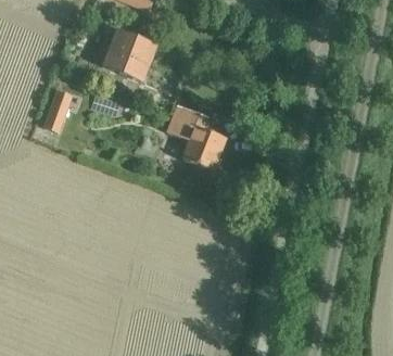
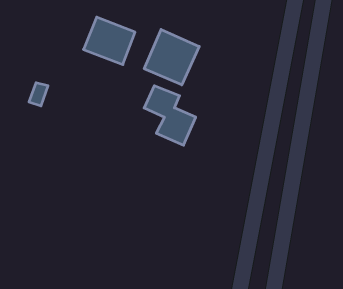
building: none -> [144,29,199,85]

